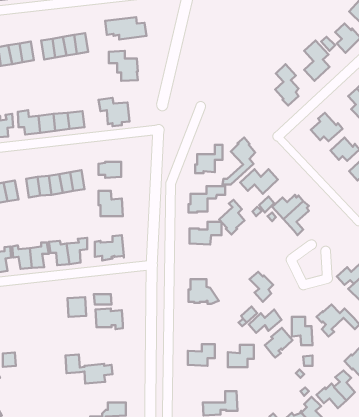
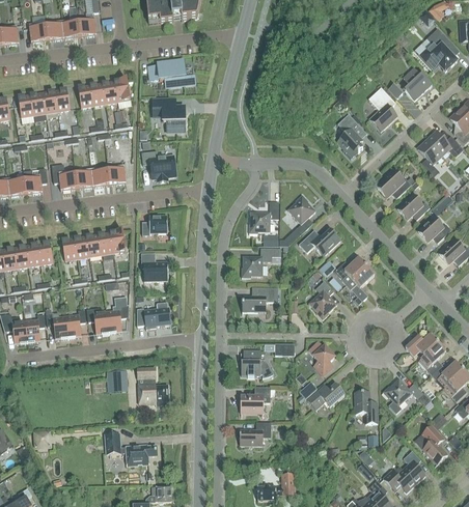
building: [219,200,245,235] -> [308,281,336,319]
building: [265,328,292,358] -> none
building: [228,345,254,367] -> [241,387,270,412]

